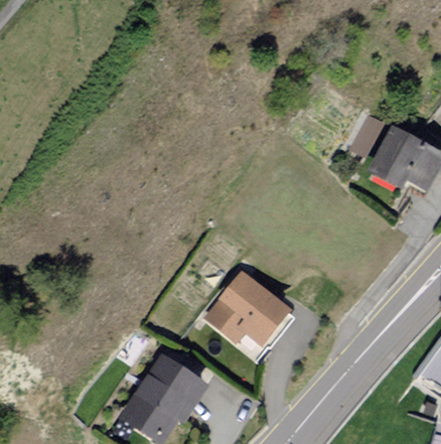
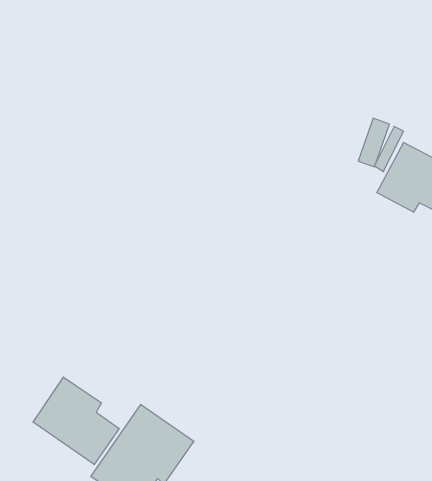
building: [205,271,289,344] -> none
building: none -> [33,377,119,465]

